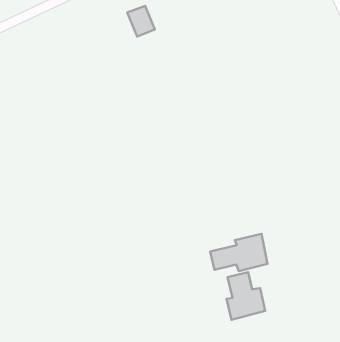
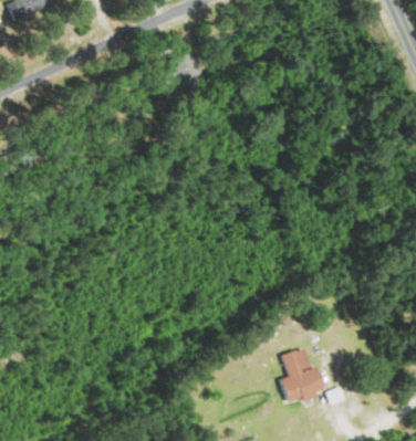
building: [210,234,268,271] -> none

